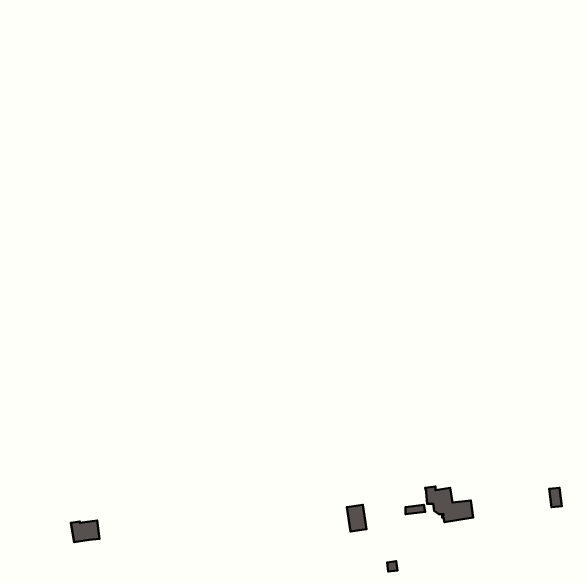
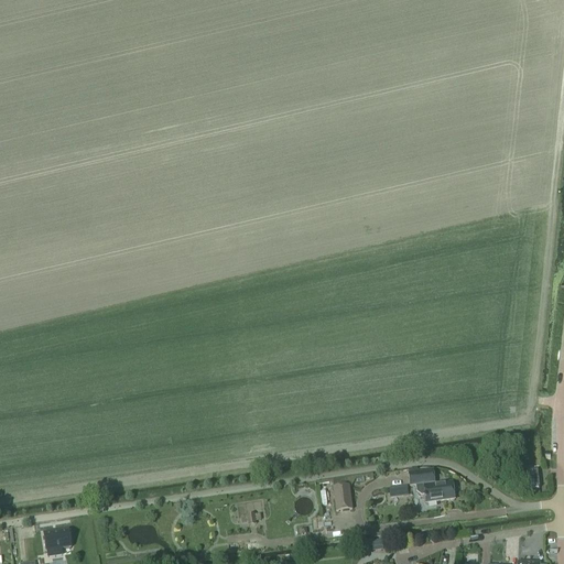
building: [71,520,99,542] -> [43,529,70,550]

